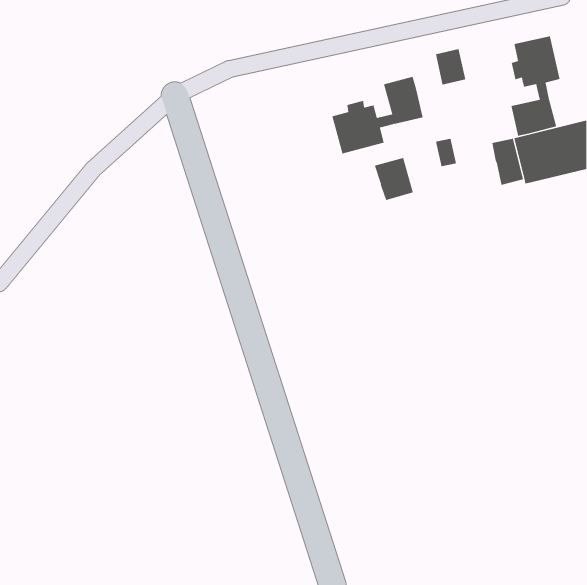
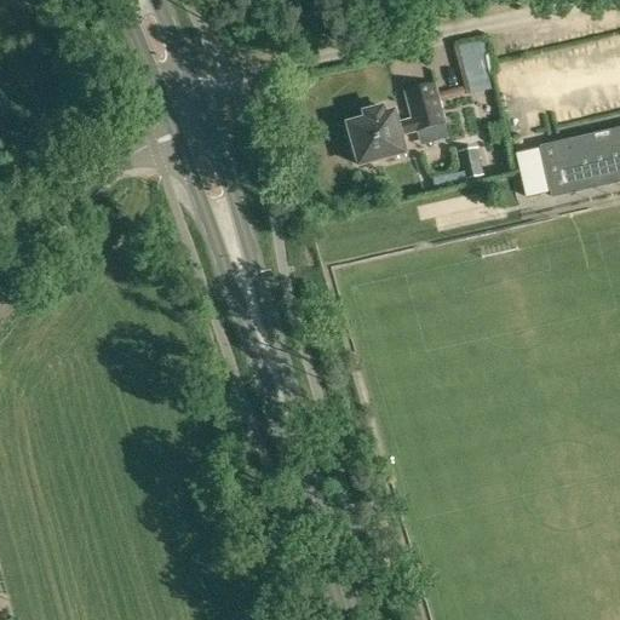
building: [511,36,560,136] -> none
building: [374,157,413,201] -> none

